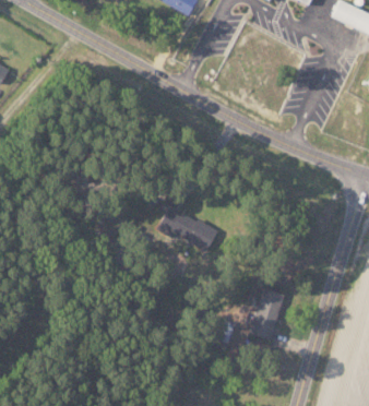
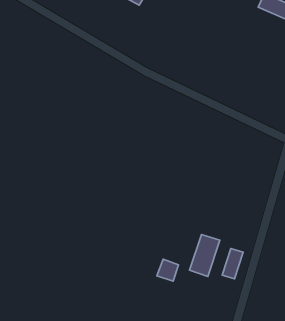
building: [162,211,216,250] -> none
building: none -> [222,249,243,279]

